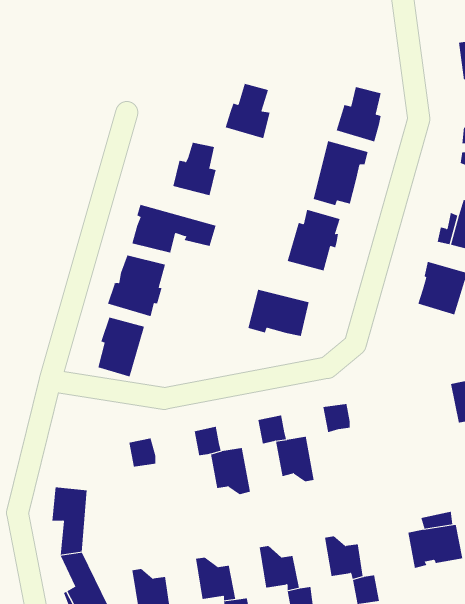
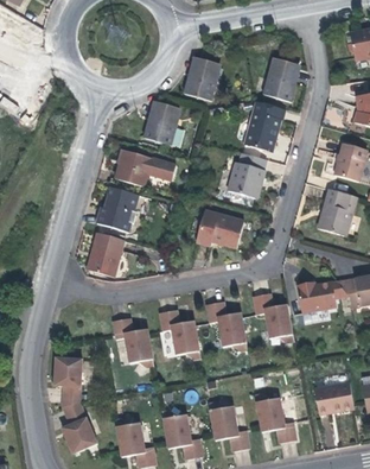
building: none -> [296,281,336,313]
building: none -> [264,311,294,344]
building: none -> [123,336,154,370]

